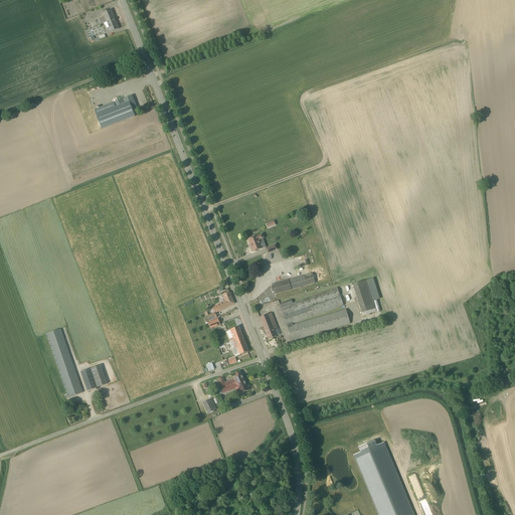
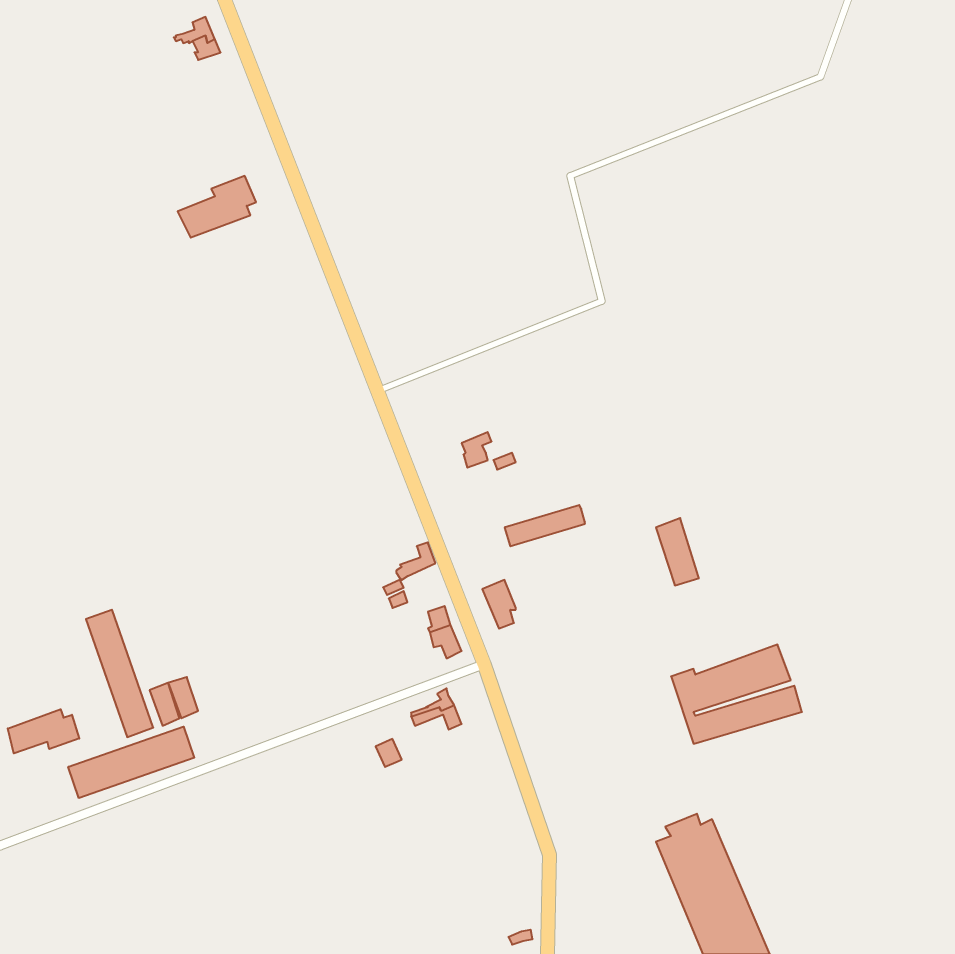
building: [280,286,350,339] -> [671,645,802,744]
building: none -> [8,709,79,753]
building: none -> [68,727,194,798]

